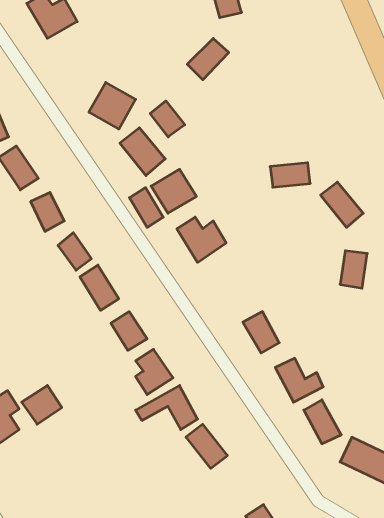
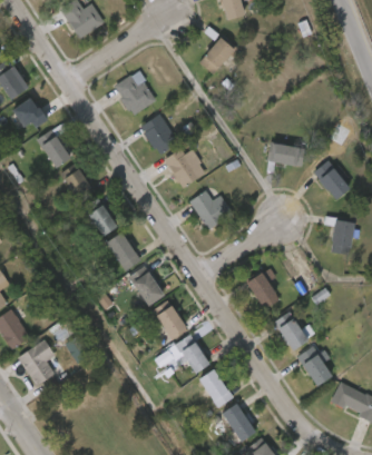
building: [150,101,185,137] -> none
building: [129,188,163,227] -> none
building: none -> [221,404,255,442]

